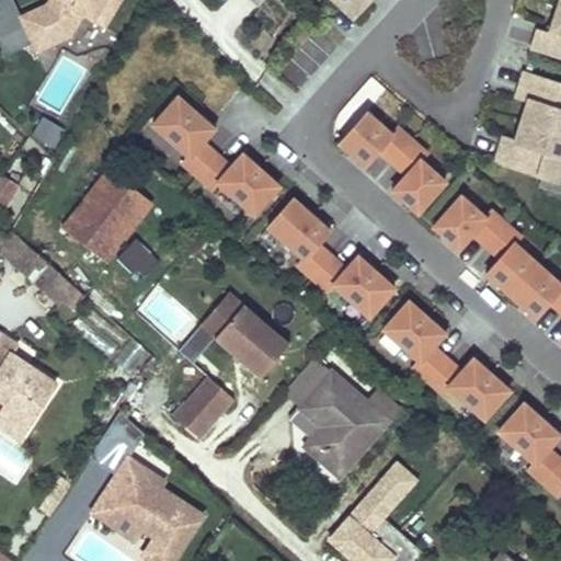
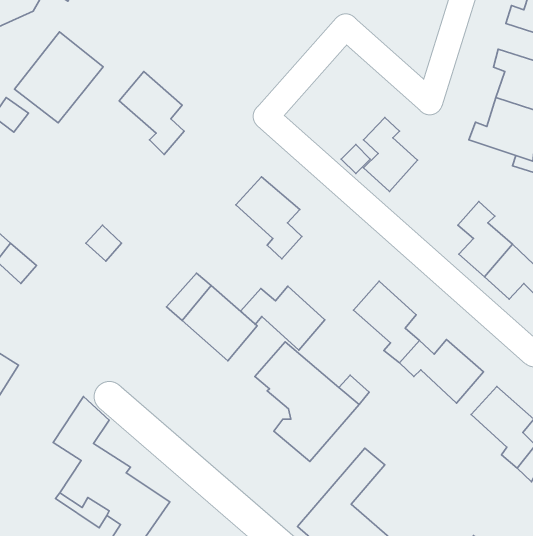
building: [339,112,413,165] -> none
building: [197,152,280,214] -> none
building: [62,171,149,260] -> [15,32,103,123]
building: [432,195,505,249] -> none
building: [312,254,394,317] -> [241,286,325,350]
building: [173,377,233,439] -> none

